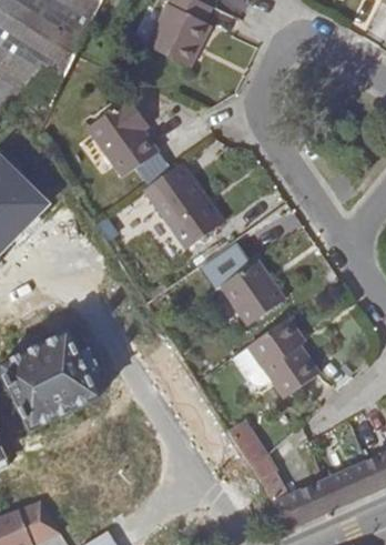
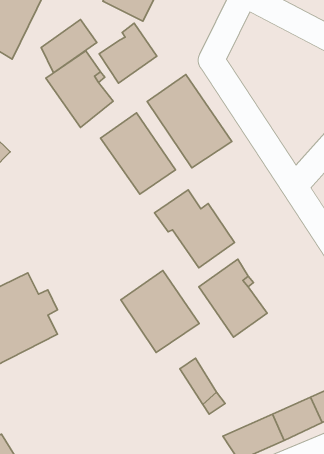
building: none -> [41,20,97,73]
building: none -> [99,23,157,83]
building: none -> [147,74,232,168]
building: none -> [121,271,199,352]

